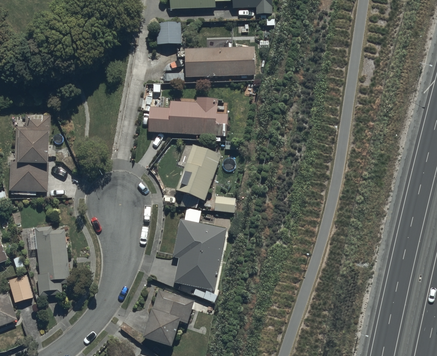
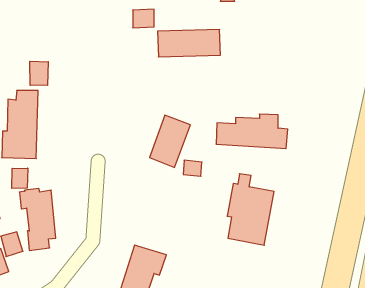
building: none -> [30,61,48,85]
building: [147,97,228,136] -> [216,114,288,149]
building: none -> [12,168,28,188]
building: [172,208,225,289] -> [227,174,274,245]

